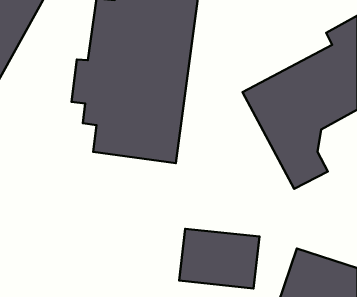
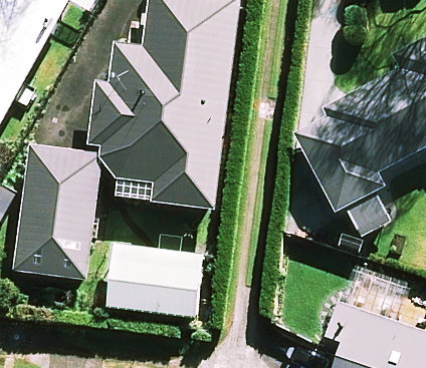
building: none -> [14,146,100,278]
building: [179,229,259,288] -> [107,245,200,314]

